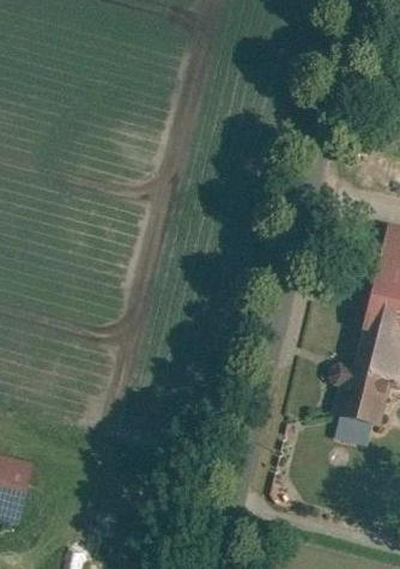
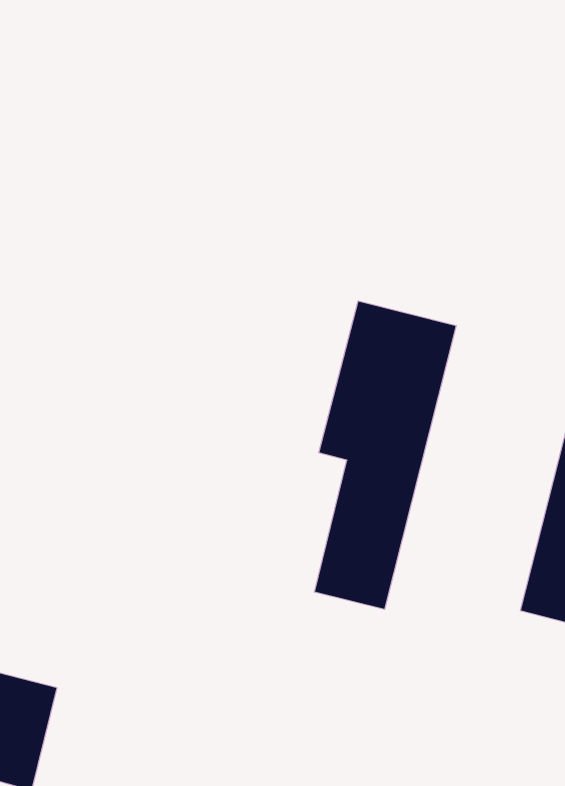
building: none -> [314,301,456,609]

